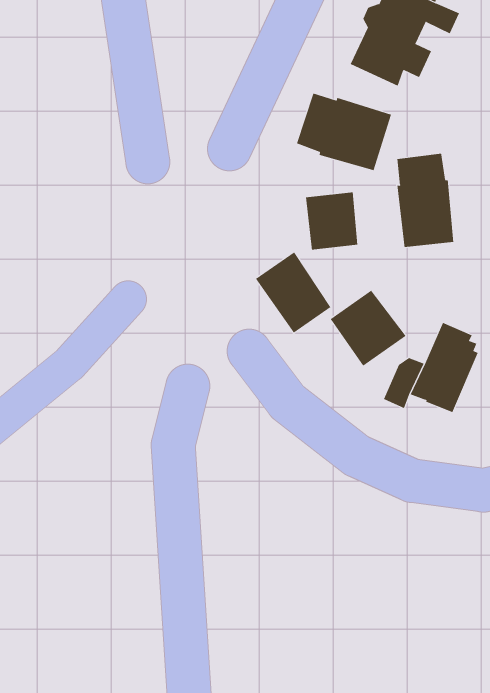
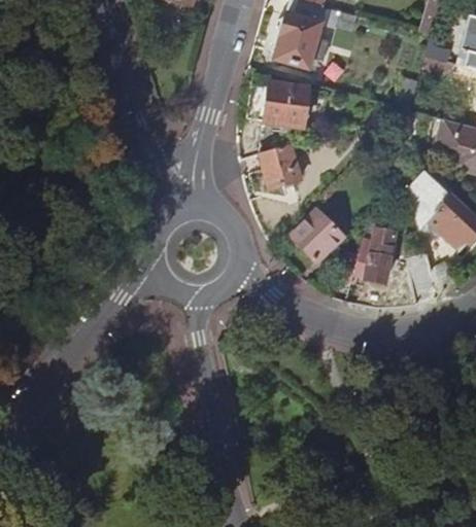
building: [397,153,454,248] -> none
building: [255,251,331,334] -> none

